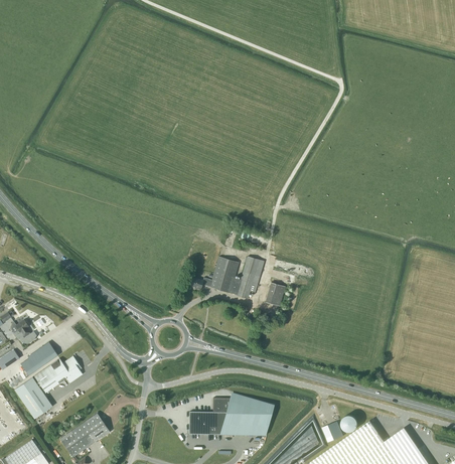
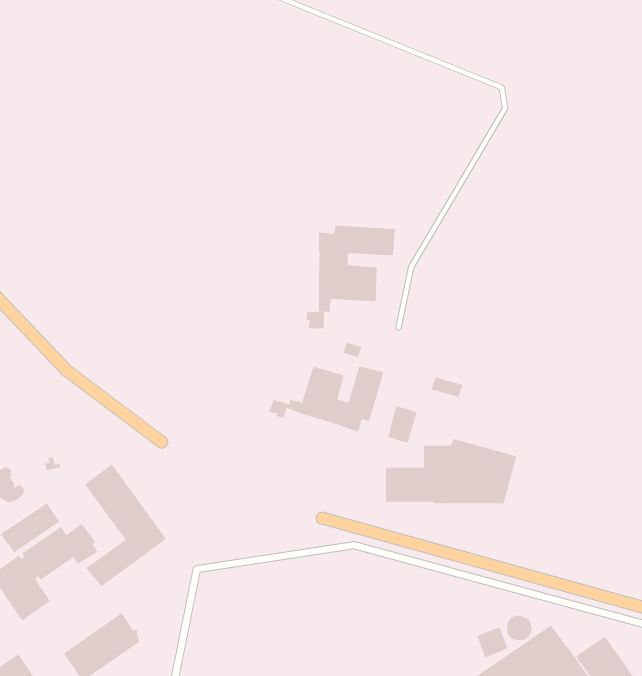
building: none -> [303,225,396,329]
building: none -> [84,463,167,587]
building: [189,394,273,435] -> [385,439,517,504]

